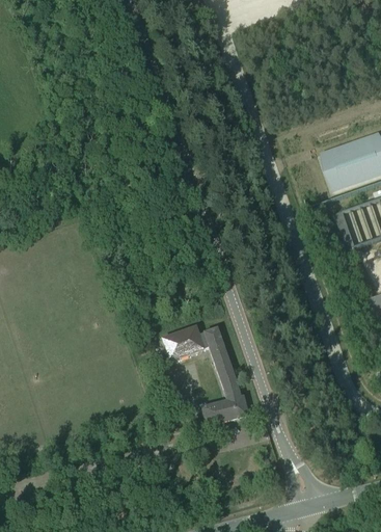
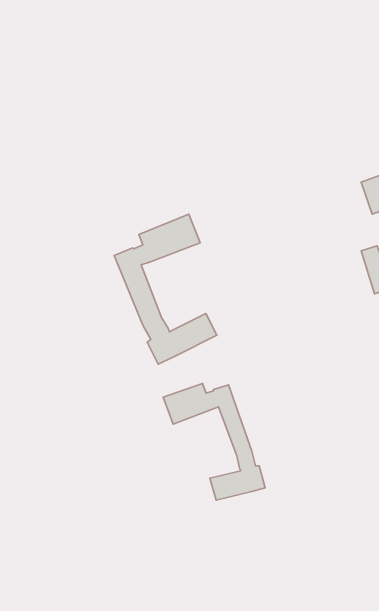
building: none -> [114,214,217,364]

